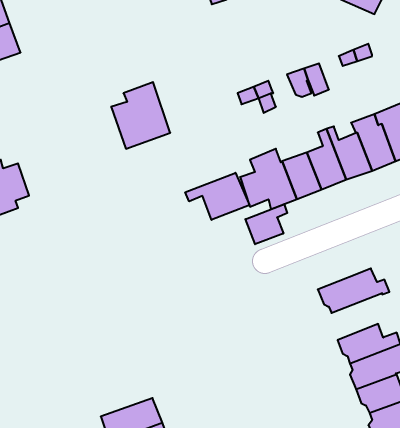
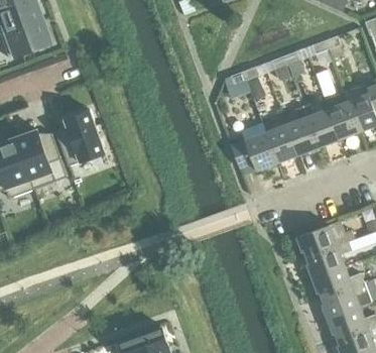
building: [111,82,170,149] -> [54,111,103,165]
building: [185,173,249,220] -> none
building: [245,204,287,244] -> none
building: none -> [306,240,351,278]

